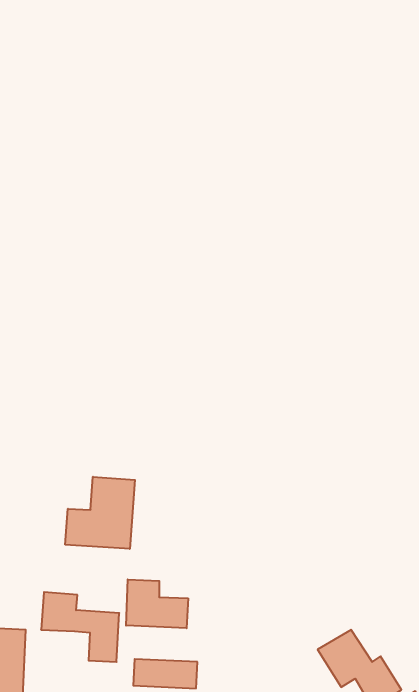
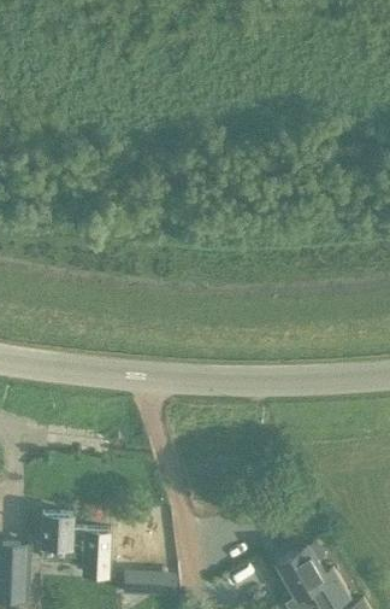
building: [65,477,135,549] -> none
building: [126,579,188,628] -> none

